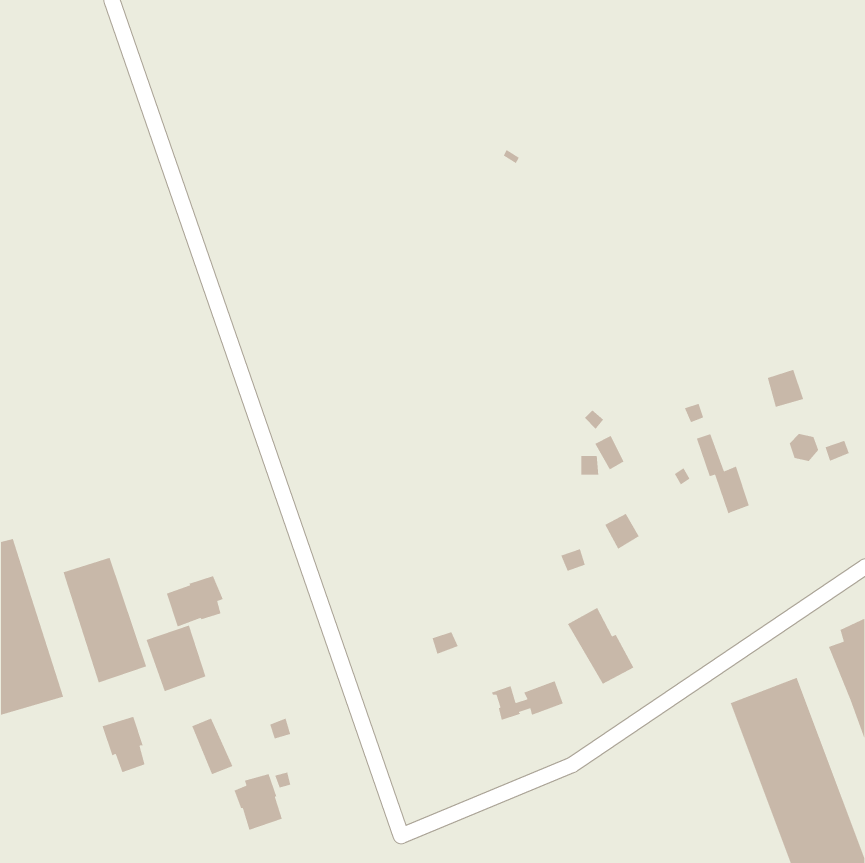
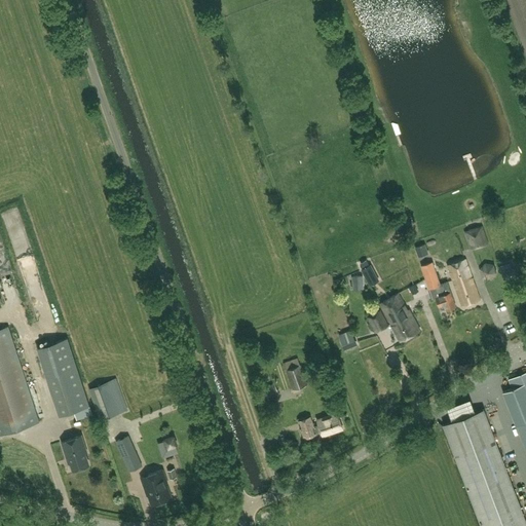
building: none -> [448,258,480,307]
building: [166,575,224,627] -> none
building: none -> [286,360,307,389]
building: [567,607,635,685] -> [379,295,420,342]

